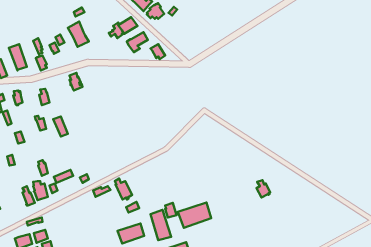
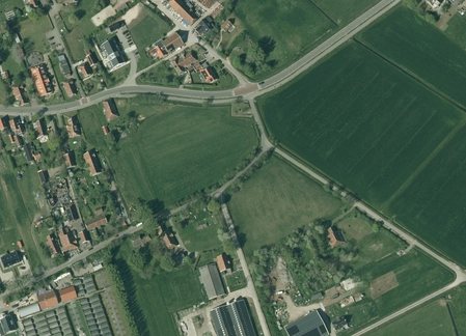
building: [178,202,211,228] -> none
building: [118,224,144,243] -> none

